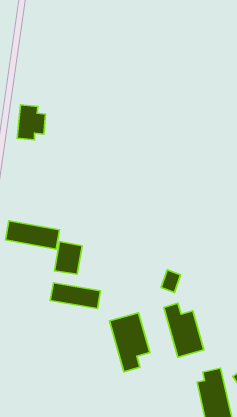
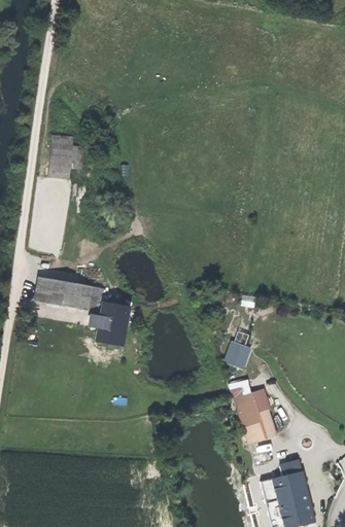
building: [50,283,100,308] -> none
building: [109,313,150,372] -> none

